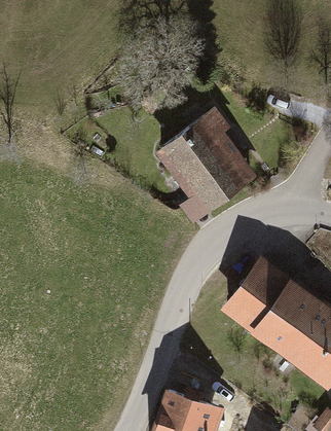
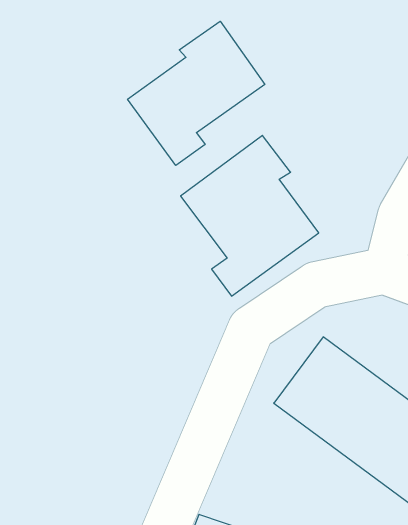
building: none -> [128,21,265,165]

